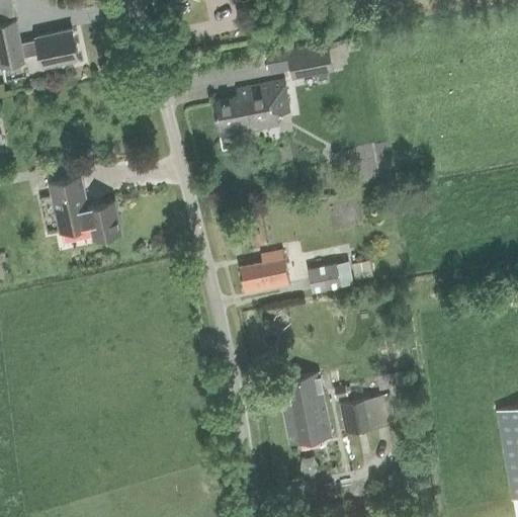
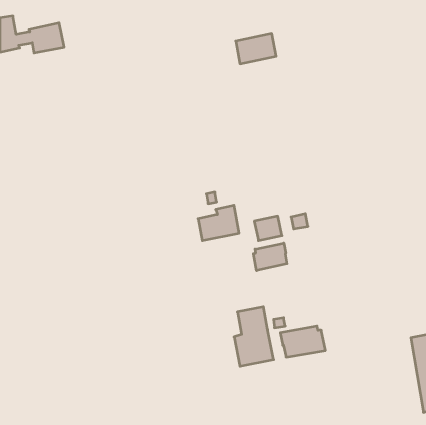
building: [215,82,290,137] -> none
building: [50,177,124,239] -> none
building: none -> [253,243,287,271]

